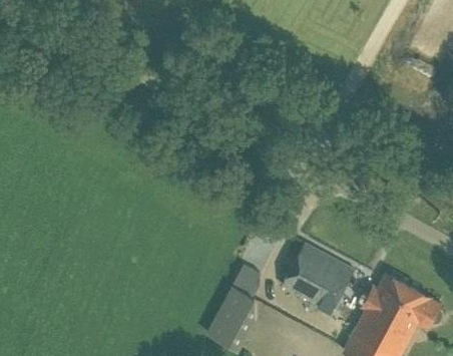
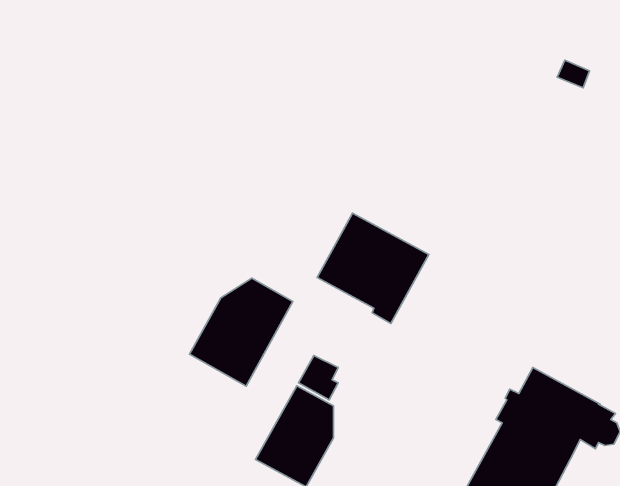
building: none -> [190,278,293,386]
building: [281,244,354,316] -> [317,213,429,323]

